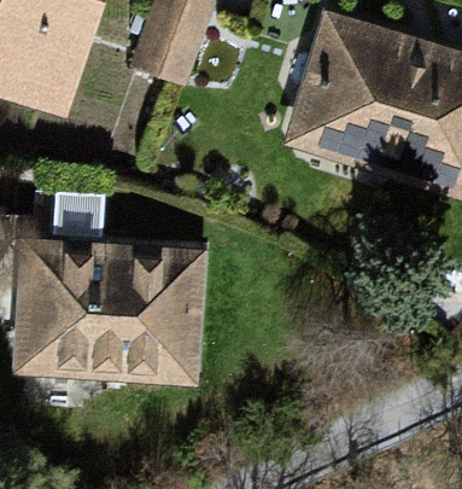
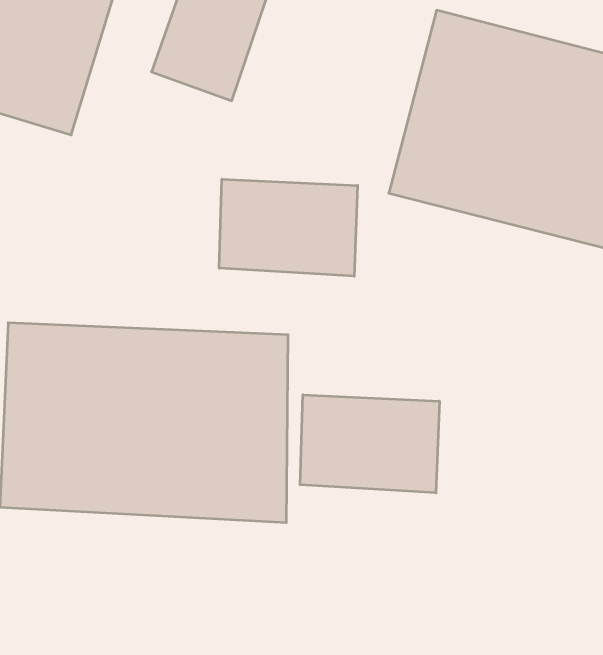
building: none -> [219,179,358,276]
building: none -> [300,395,439,493]

